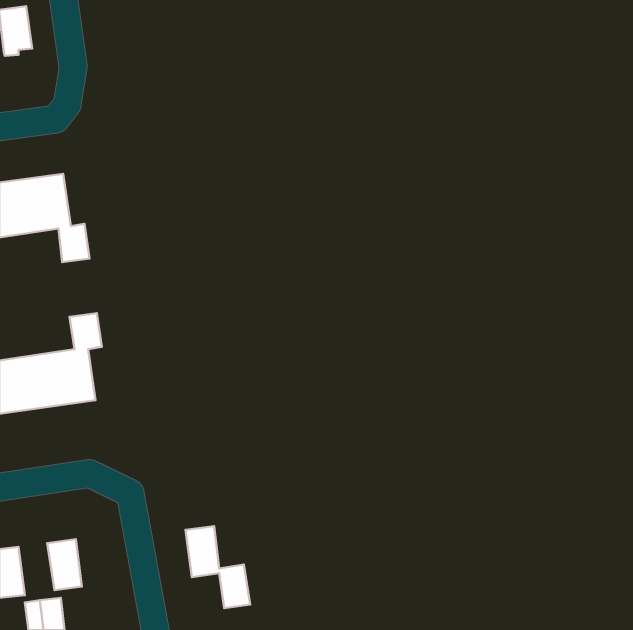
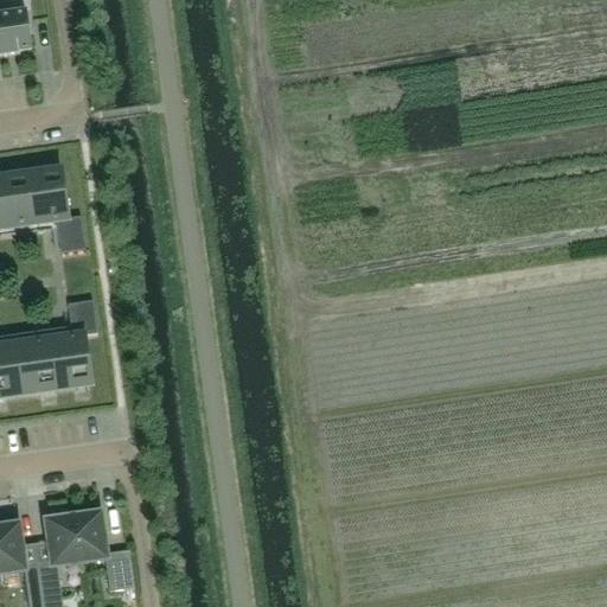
building: [186,526,250,608] -> [72,511,134,589]

